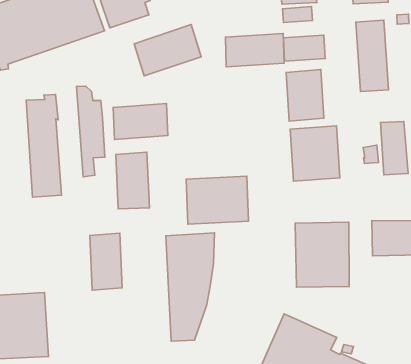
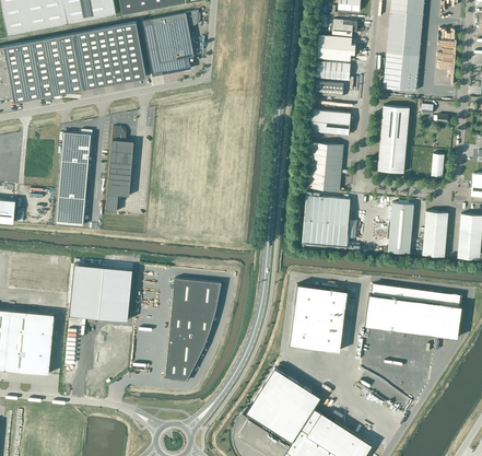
building: [134,24,201,76] -> none
building: [226,33,284,67] -> none
building: [113,104,168,139] -> none
building: [116,152,150,209] -> [69,264,104,318]
building: [186,176,248,224] -> none

